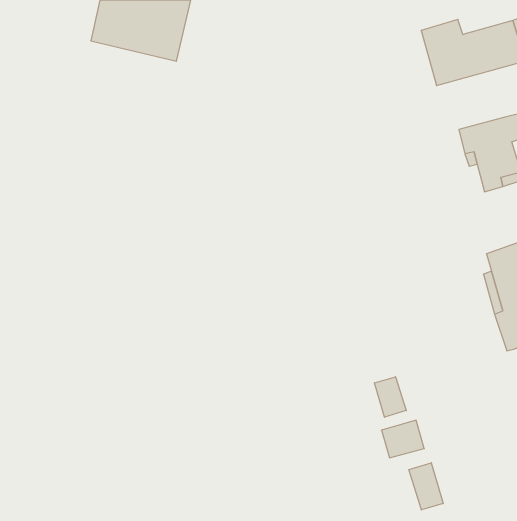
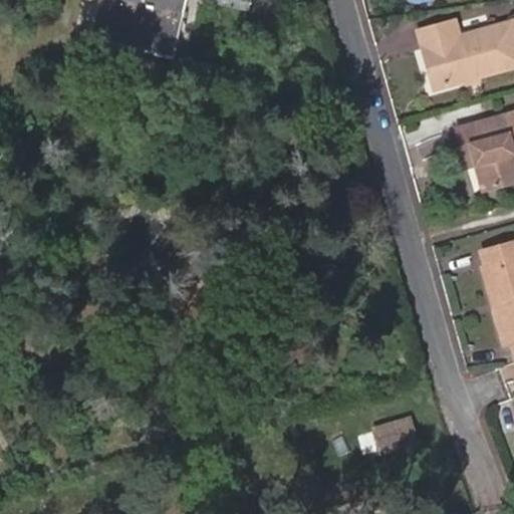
building: [374,377,406,417] -> none
building: [409,463,443,510] -> none

